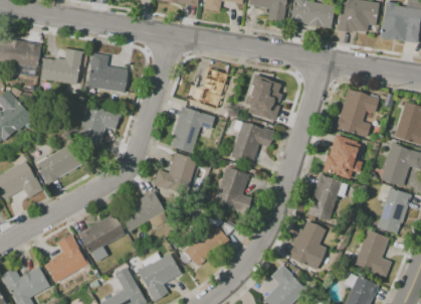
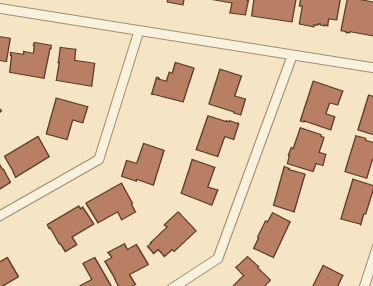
building: [172,106,215,153] -> none
building: [354,230,391,278] -> none
building: [44,235,90,283] -> none

